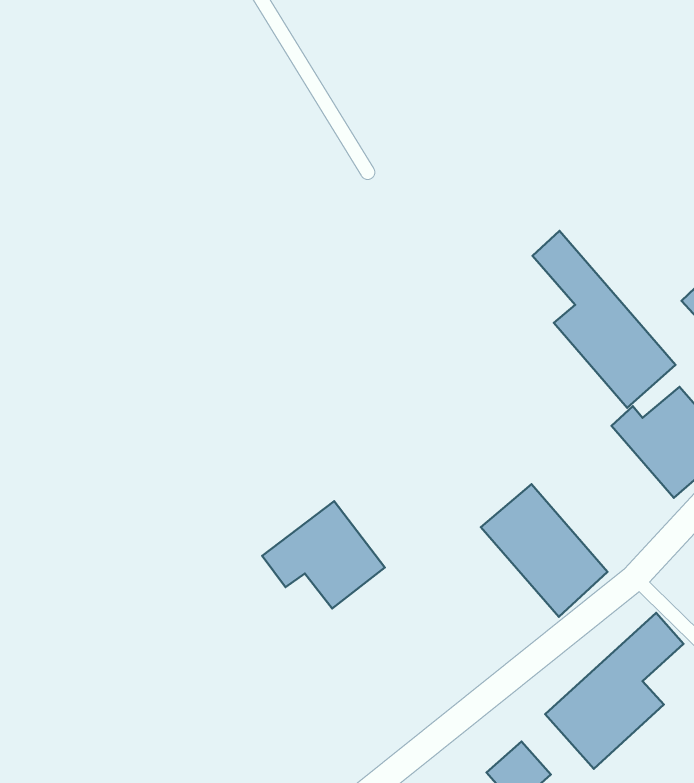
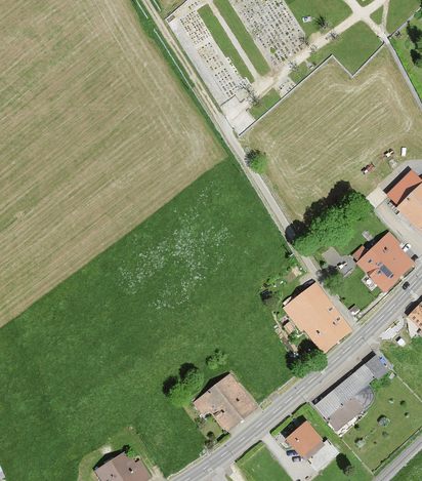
building: [532,231,675,408] -> none
building: [262,501,385,608] -> [192,374,256,431]

